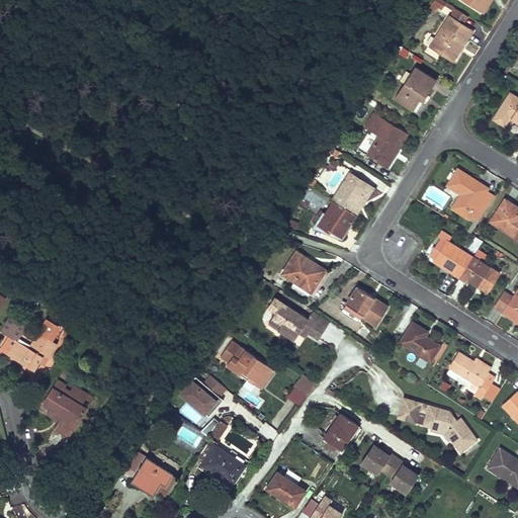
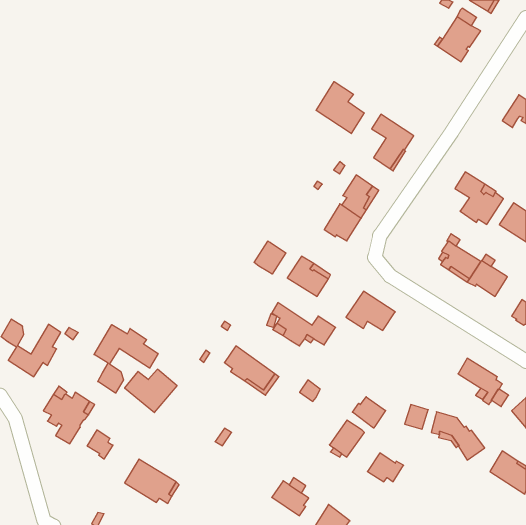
building: [395,67,436,111] -> none
building: none -> [316,82,364,134]
building: none -> [254,241,286,274]
building: none -> [94,325,158,393]
building: [401,323,440,361] -> none
building: [177,375,229,418] -> [125,369,177,413]
building: none -> [352,397,386,428]
building: none -> [87,430,113,459]
building: [197,439,244,486] -> none
building: [386,458,419,494] -> none

